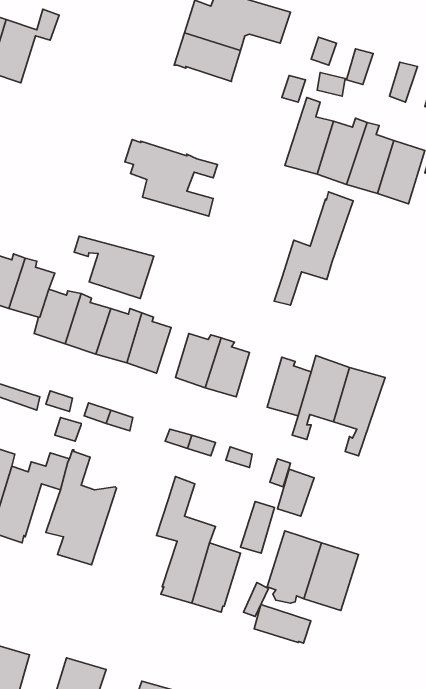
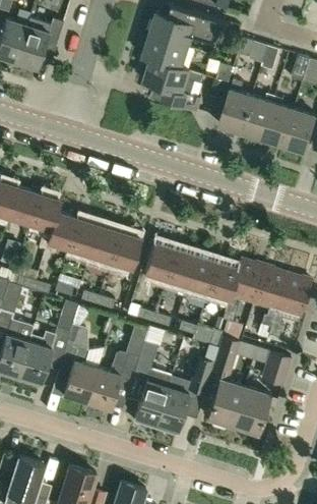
building: [125,140,218,216] -> [139,57,203,110]
building: [274,192,353,305] -> none
building: [74,236,154,298] -> none
building: none -> [185,256,216,293]
building: none -> [267,273,311,337]
building: none -> [265,351,290,385]
building: none -> [85,353,138,409]
building: [254,605,311,643] -> none

